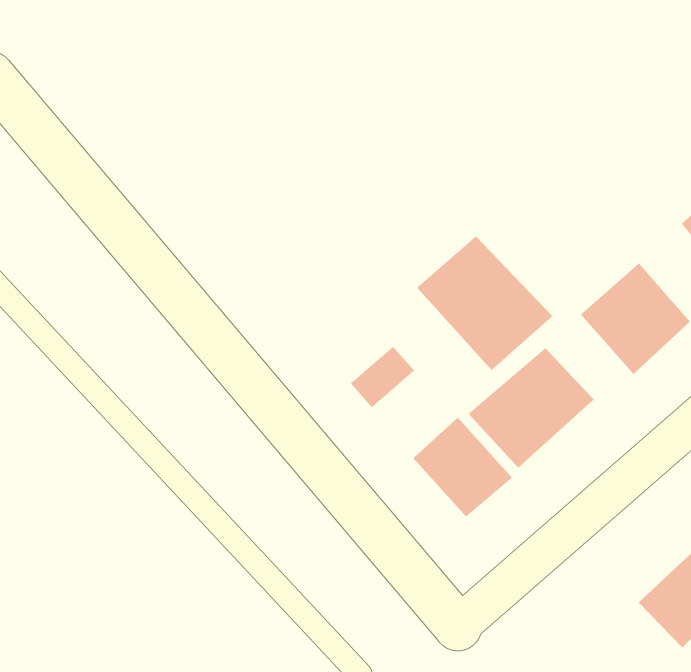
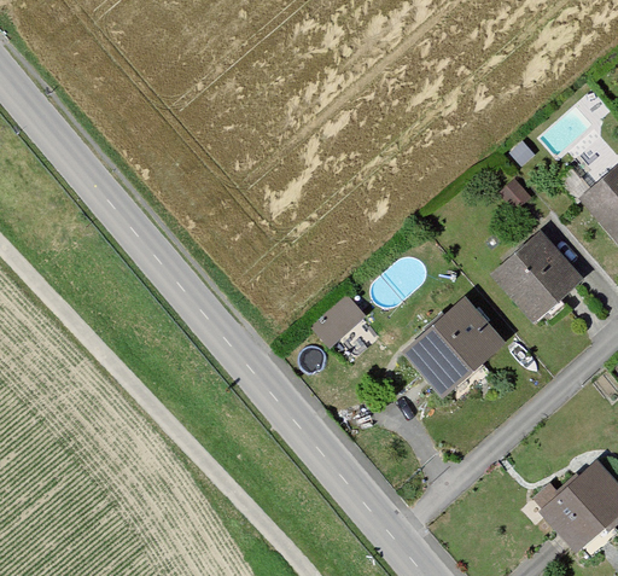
building: [416,236,553,371] -> none
building: [412,417,513,517] -> none

